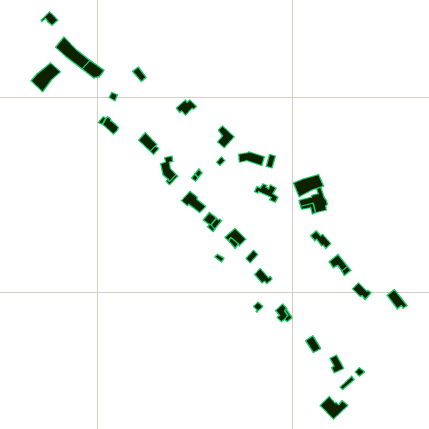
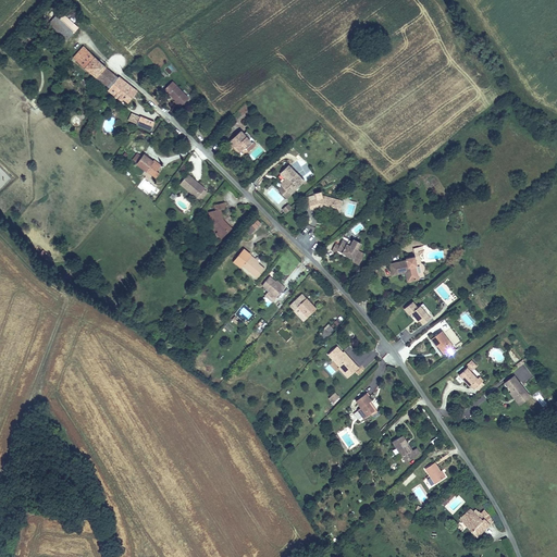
building: [31,63,60,92] -> none
building: [294,174,324,197] -> none
building: [320,396,348,419] -> [459,507,495,536]

